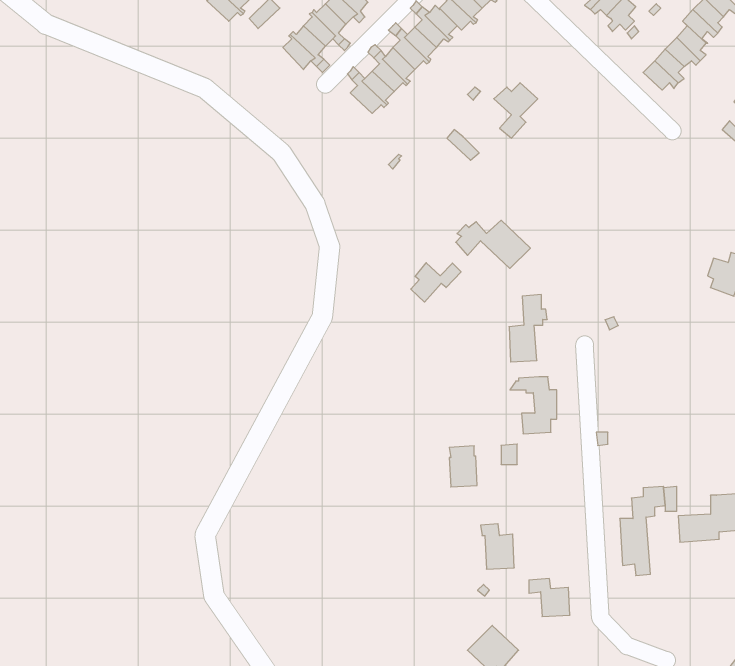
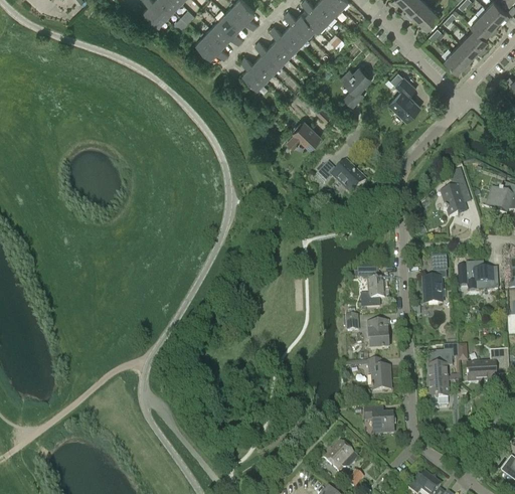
building: none -> [388,72,420,122]
building: none -> [288,121,324,148]
building: none -> [442,170,468,218]
building: [411,263,461,302] -> none
building: [509,295,547,362] -> [422,259,449,305]
building: none -> [466,264,497,291]
building: [449,446,477,487] -> [369,322,388,350]
building: [481,524,514,569] -> [368,360,391,391]

